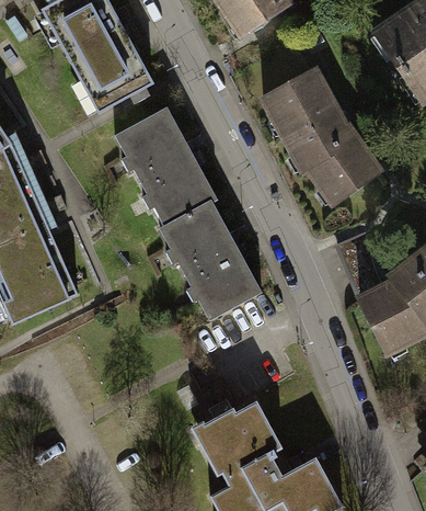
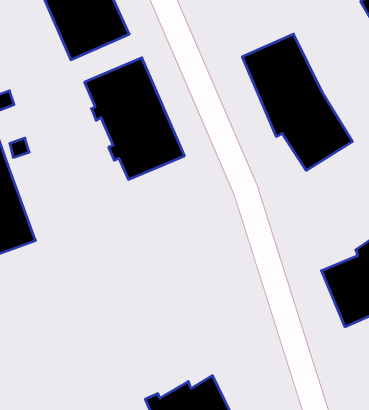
building: [159,200,261,319] -> none

